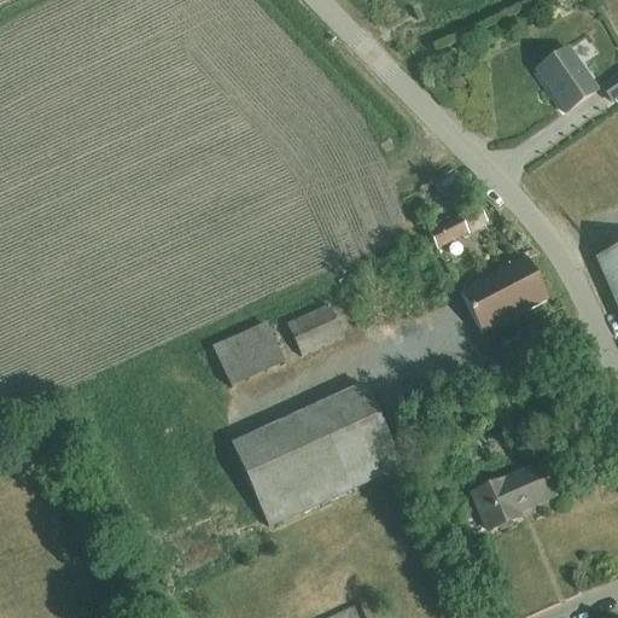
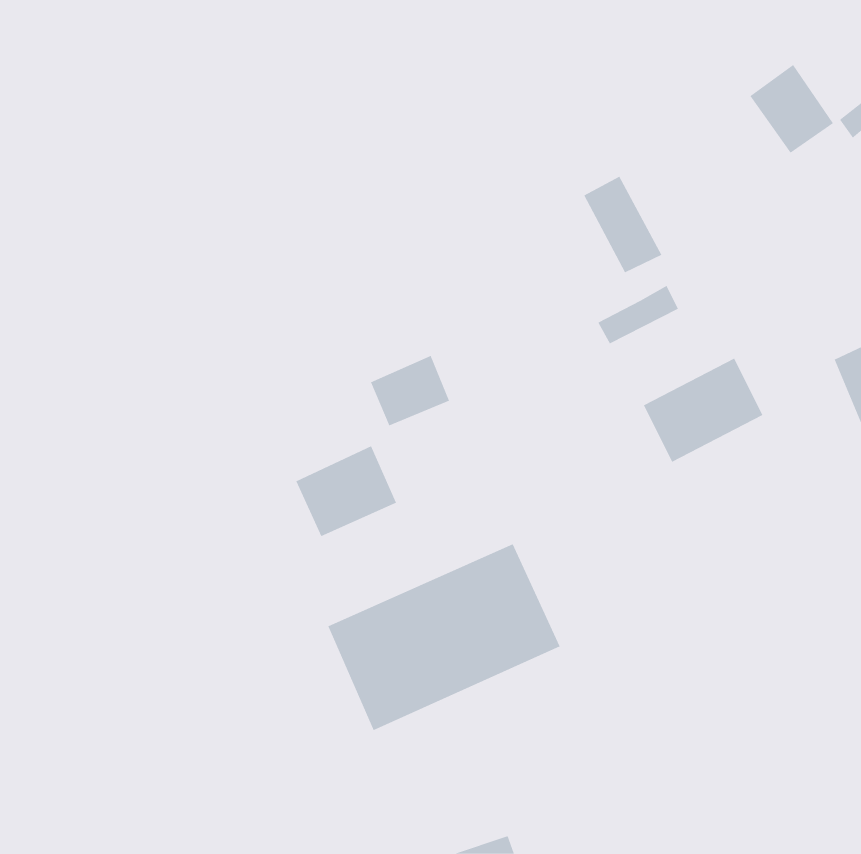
building: none -> [584,176,662,273]
building: [287,303,344,354] -> [370,355,450,426]
building: [473,462,554,529] -> none

